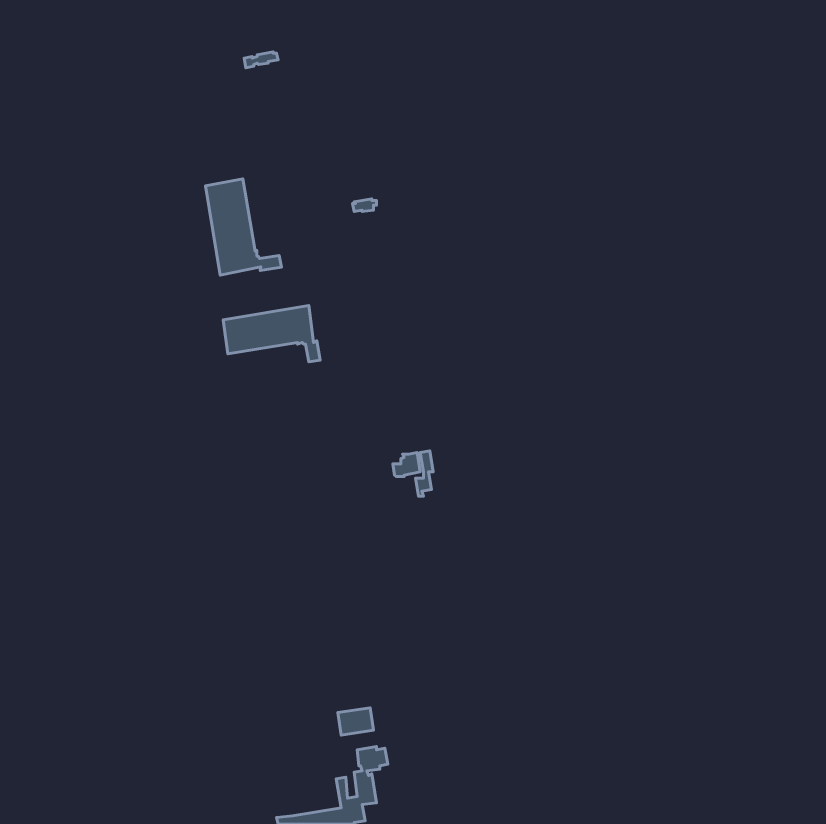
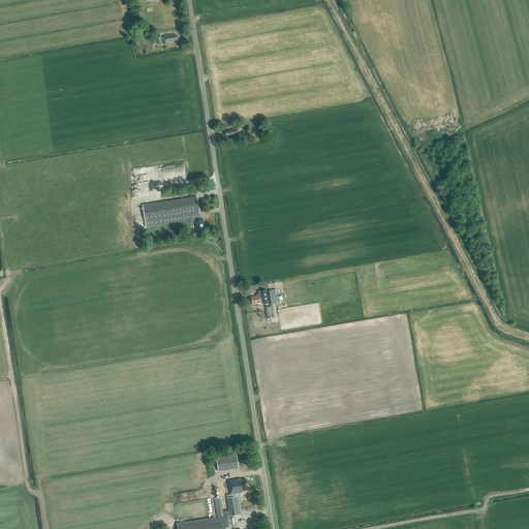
building: [206,179,282,275] -> none

